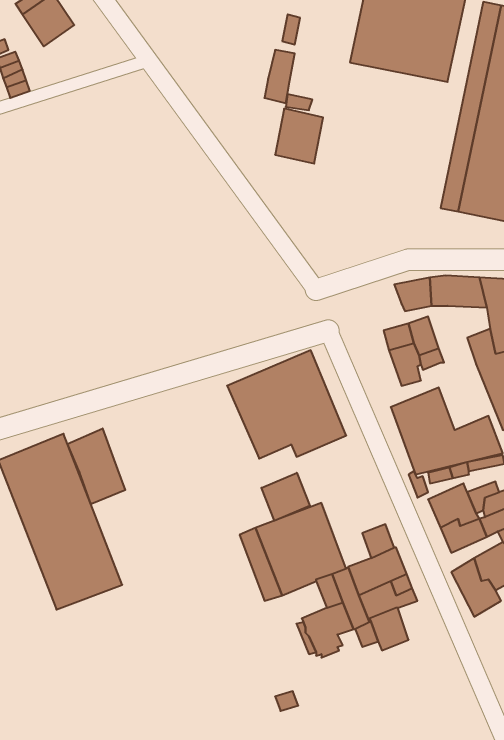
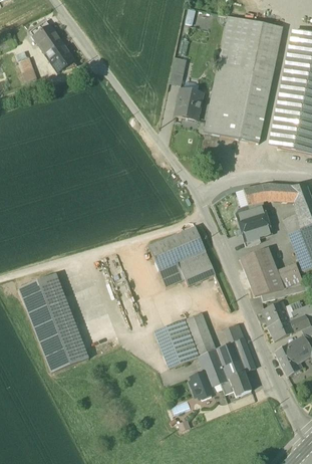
building: none -> [44,41,74,71]
building: none -> [203,62,272,143]
building: [67,428,125,504] -> none
building: [261,473,310,521] -> none

